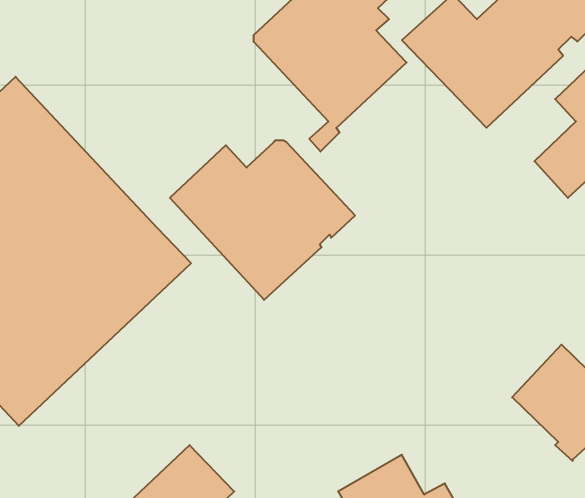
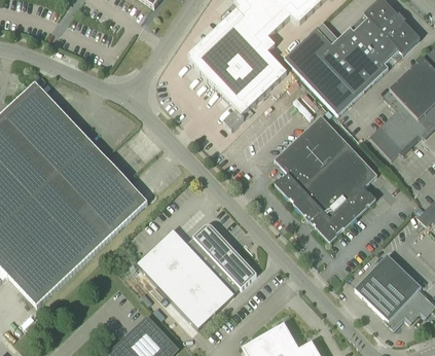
building: none -> [274,113,377,240]
building: [170,140,355,300] -> [137,224,256,327]

